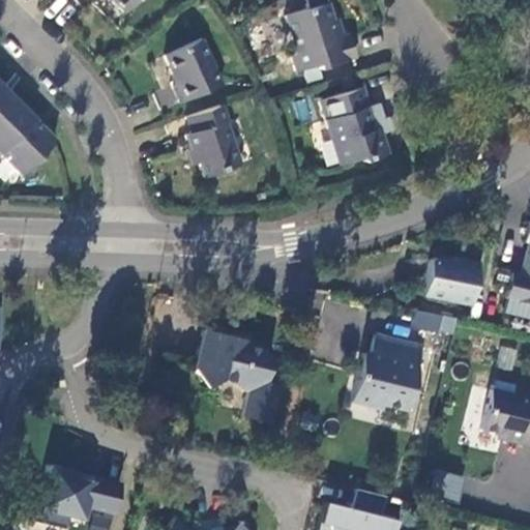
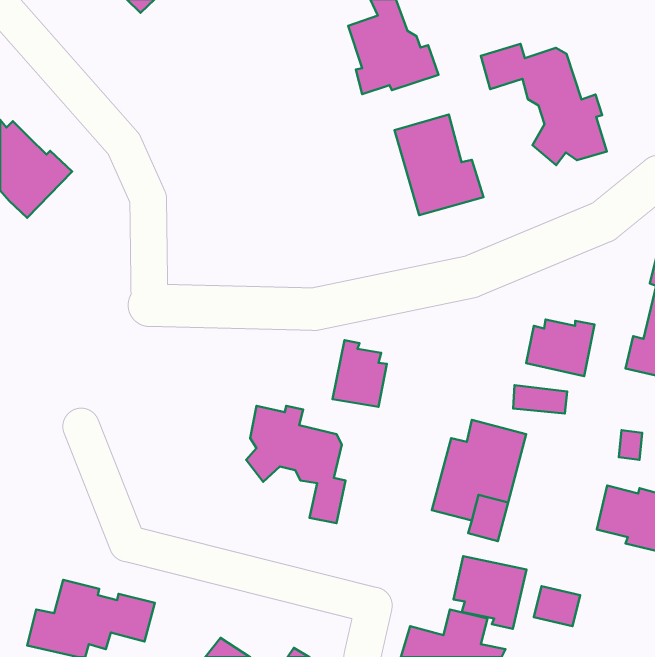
building: none -> [481,44,607,165]
building: [166,41,217,101] -> none
building: [186,107,234,181] -> none
building: none -> [333,340,387,407]
building: none -> [453,556,527,629]

